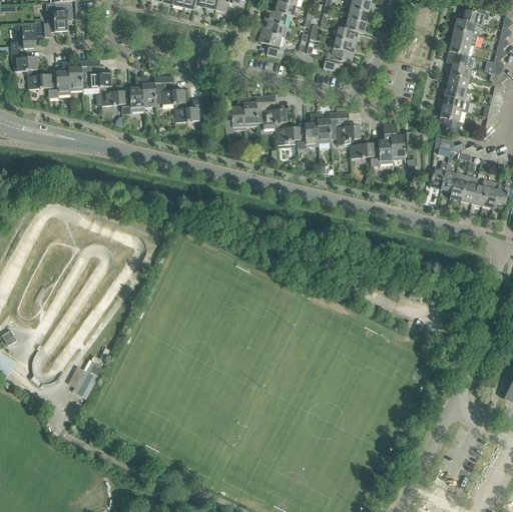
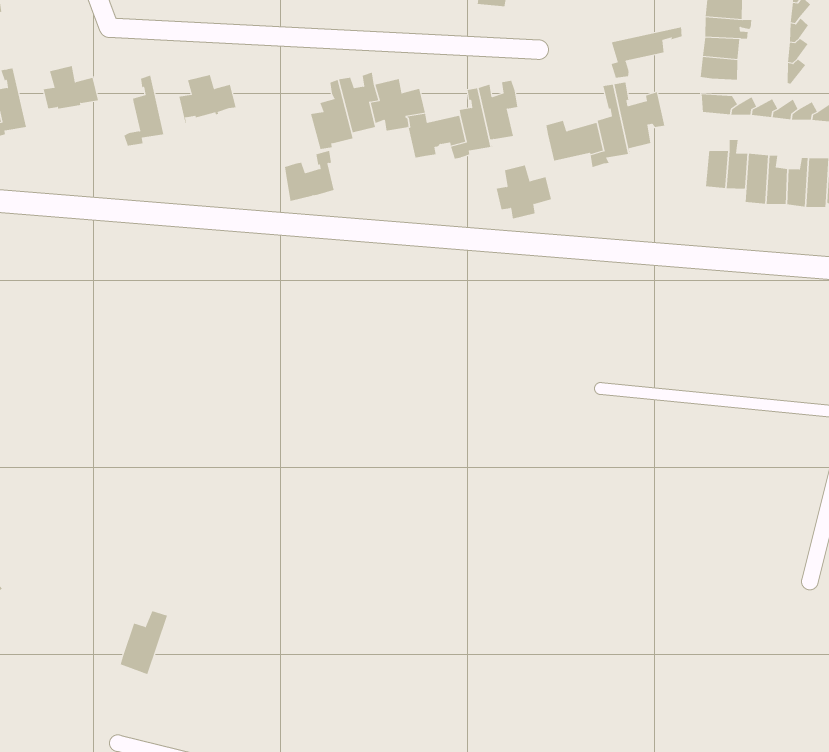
building: [68,58,88,93] -> none
building: [141,75,161,109] -> none
building: [101,85,130,106] -> none
building: [174,97,200,121] -> [284,150,335,201]
building: none -> [611,26,682,79]
building: [330,116,359,144] -> [496,165,552,219]

